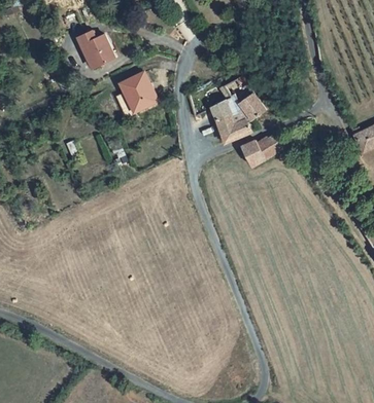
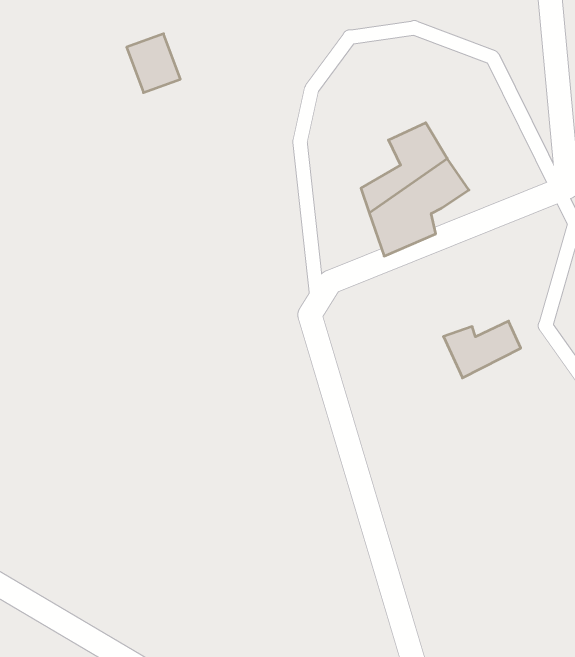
building: [120,72,158,116] -> none
building: [242,133,282,163] -> [443,321,521,378]

